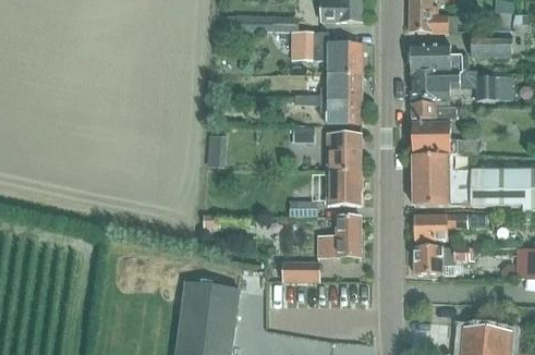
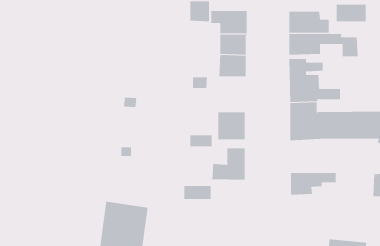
building: [325,133,361,170] -> none
building: [414,215,487,241] -> none

